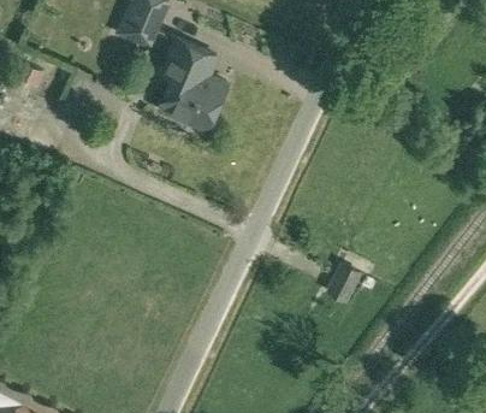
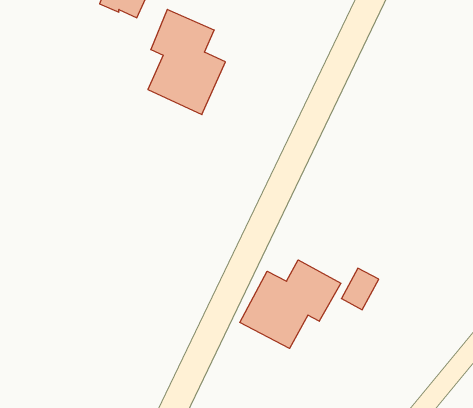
building: none -> [240,260,341,348]

